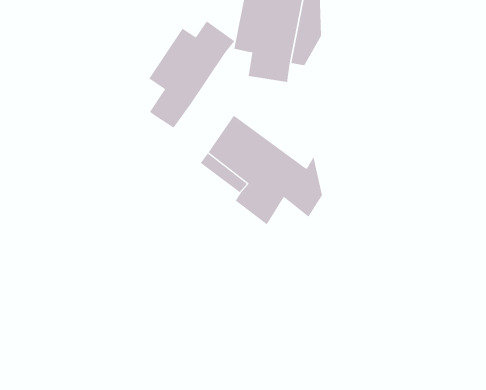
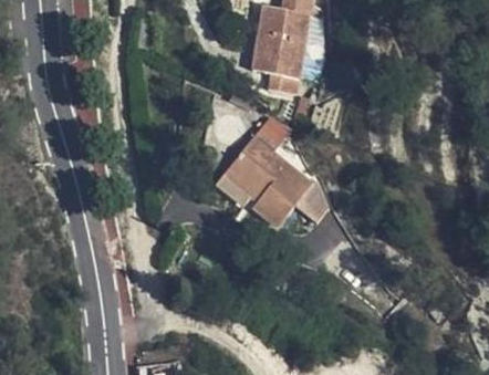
building: [149,21,235,129] -> none

